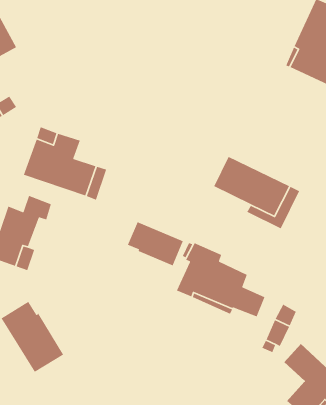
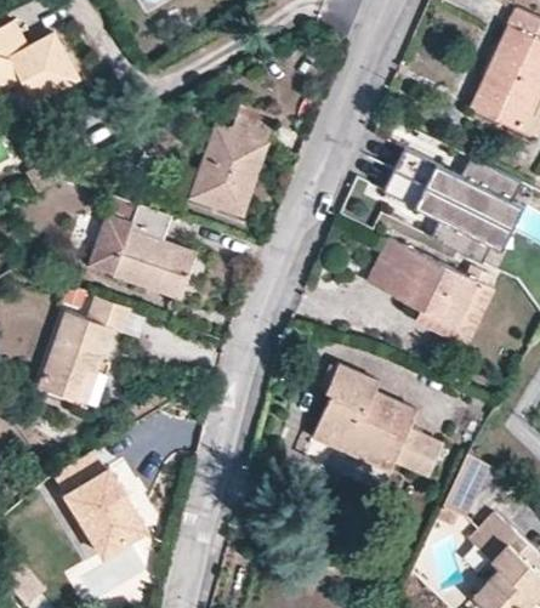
building: none -> [193,106,275,215]
building: none -> [383,148,523,263]
building: [127,221,184,266] -> none

